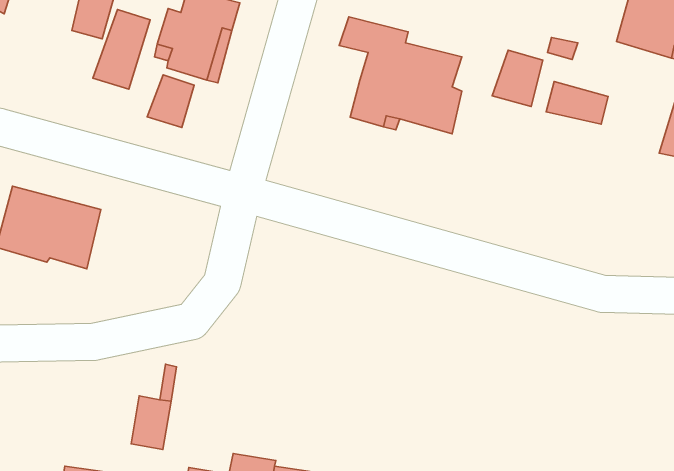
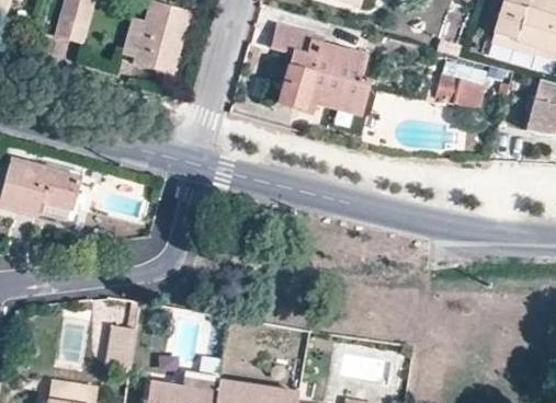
building: [93,9,150,89] -> none
building: [492,50,543,106] -> none
building: [147,75,194,127] -> none

